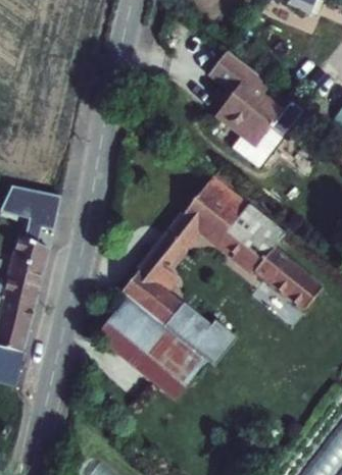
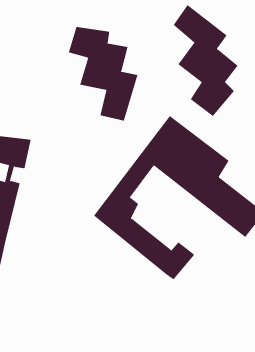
building: none -> [68,26,138,121]
building: [98,293,208,394] -> none

